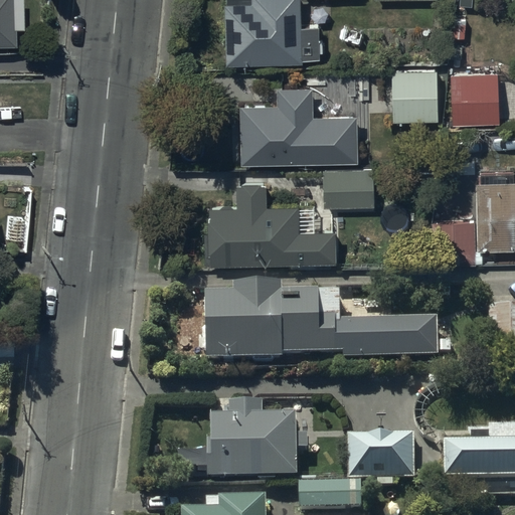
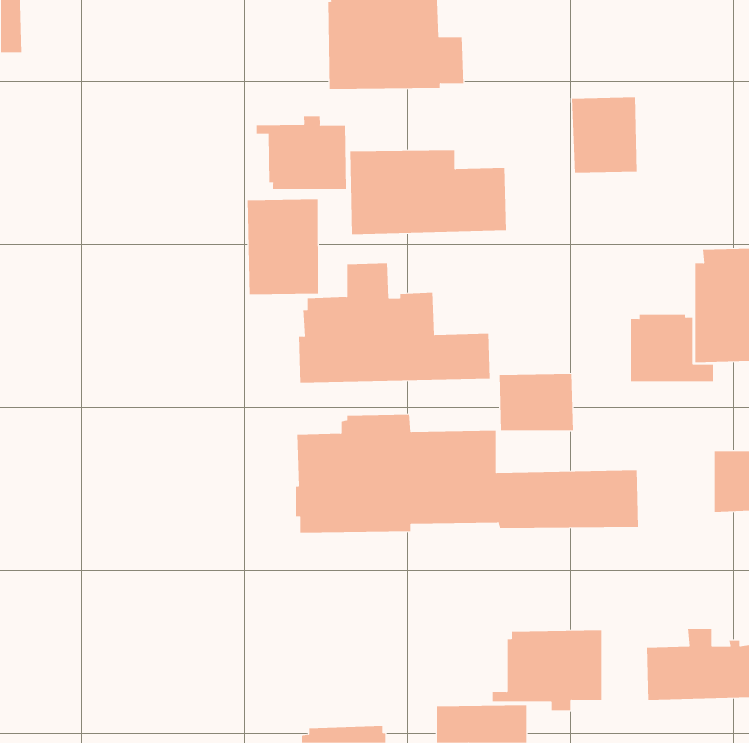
building: [451,68,500,123] -> none
building: none -> [256,116,347,190]
building: none -> [247,199,318,295]
building: [324,165,375,204] -> [499,373,574,431]
building: [207,405,308,483] -> none

